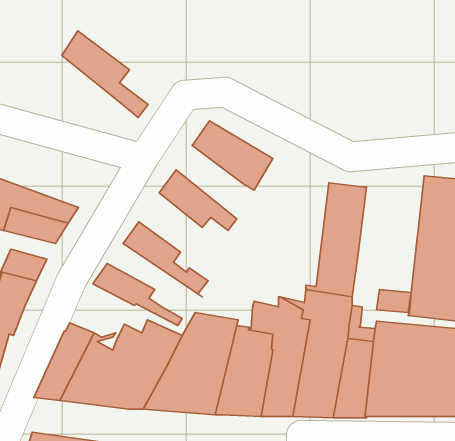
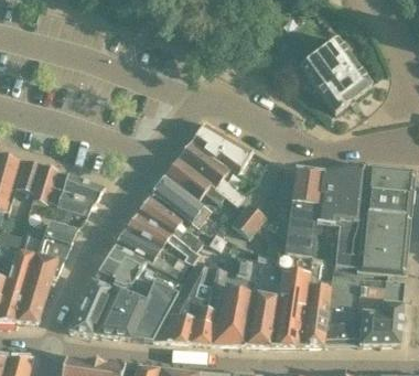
building: none -> [299,37,370,111]
building: [62,31,148,117] -> [178,138,244,204]
building: none -> [316,162,362,238]
building: none -> [152,174,213,230]
building: none -> [232,202,266,237]
building: none -> [125,213,197,265]
building: none -> [95,244,146,284]

